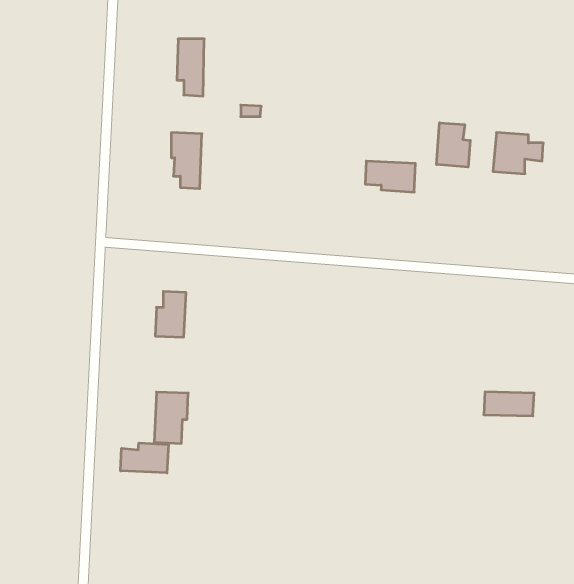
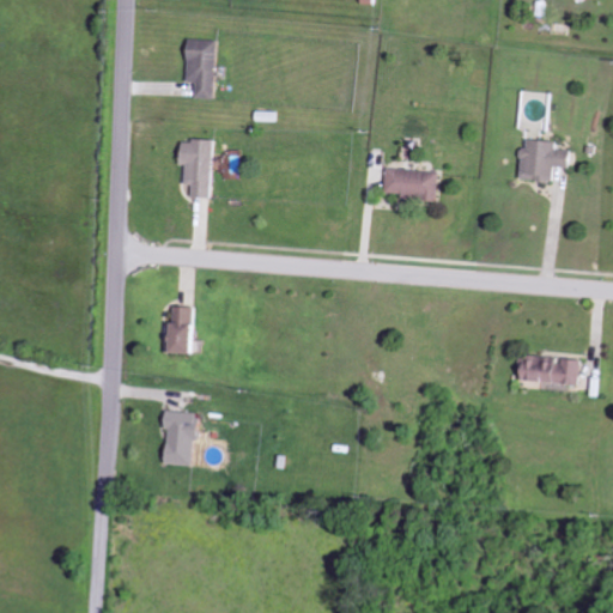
building: [437,123,470,167] -> none
building: [484,392,534,416] -> [523,357,576,382]
building: [121,443,169,473] -> none

